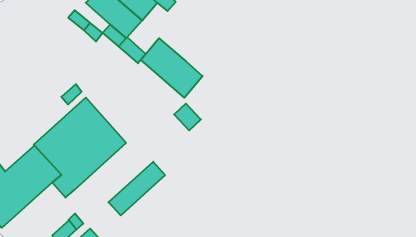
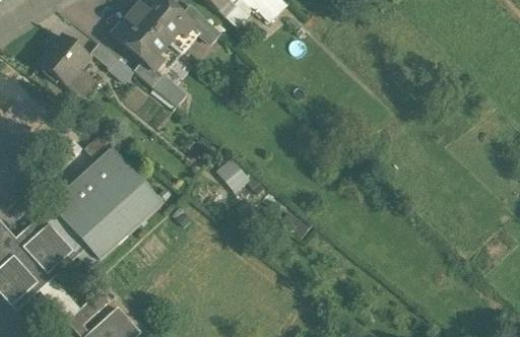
building: none -> [42,36,92,95]
building: [141,38,203,98] -> none
building: [108,162,165,215] -> none

